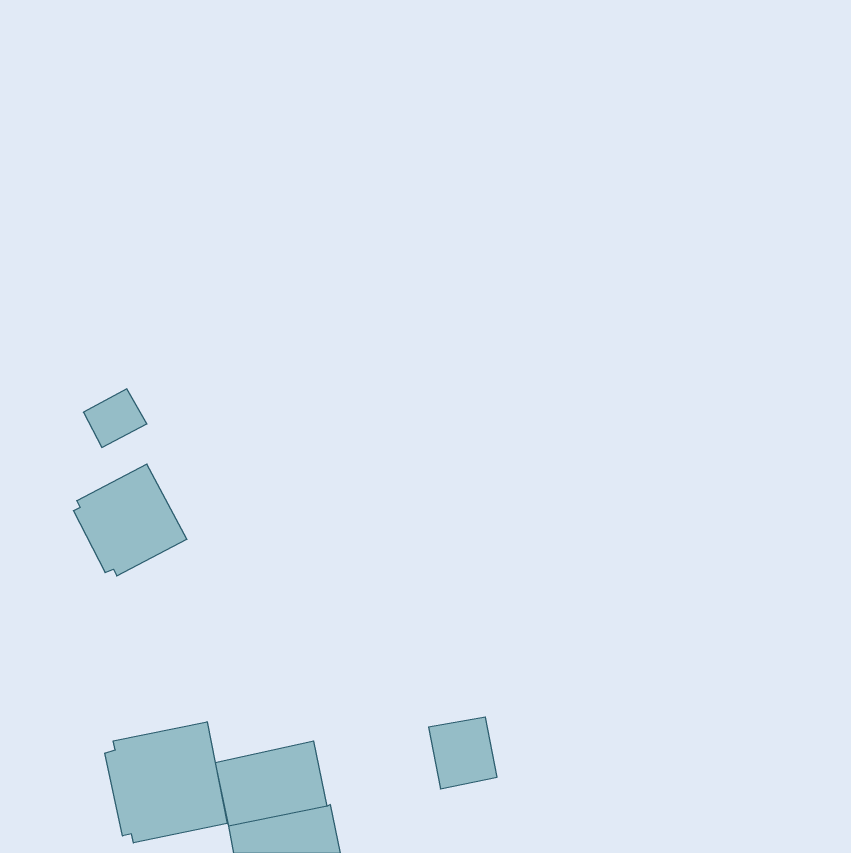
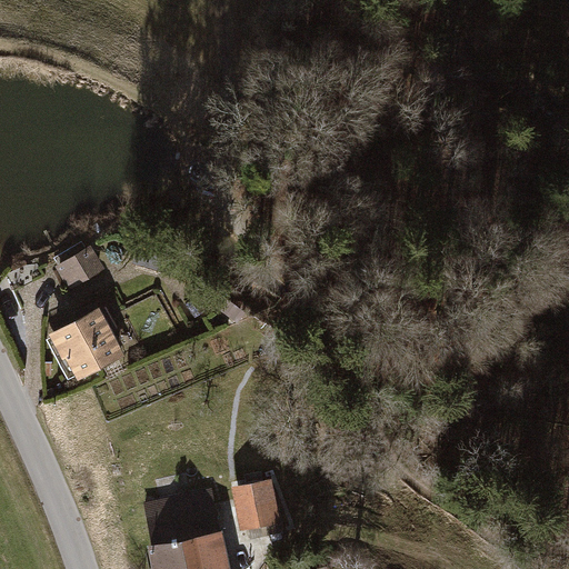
building: [429,717,497,789] -> [233,482,279,530]
building: [105,722,227,843] -> none

